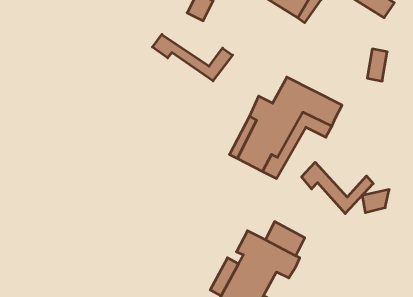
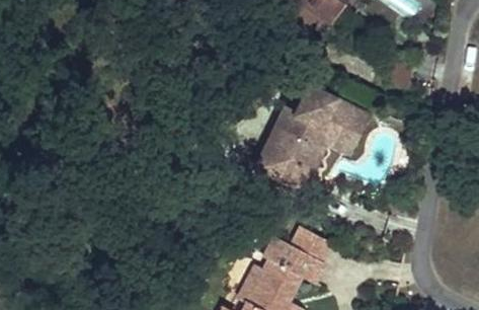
building: [152,34,233,81] -> none
building: [302,162,373,214] -> none

